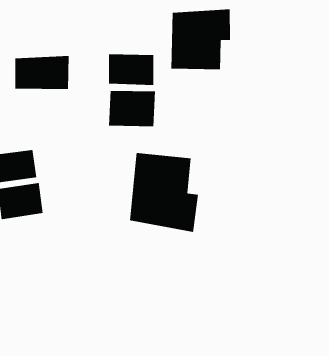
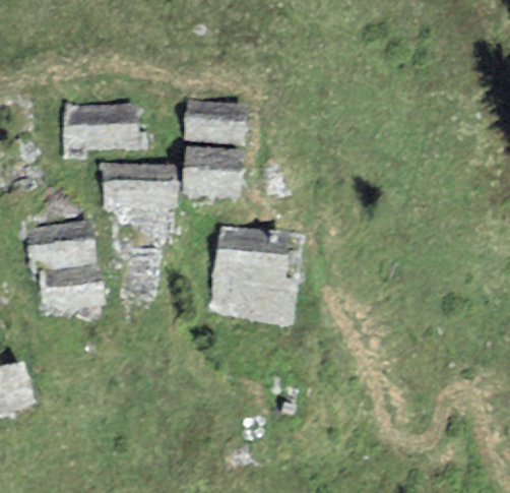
building: [171,9,231,70] -> none
building: none -> [105,164,175,209]

